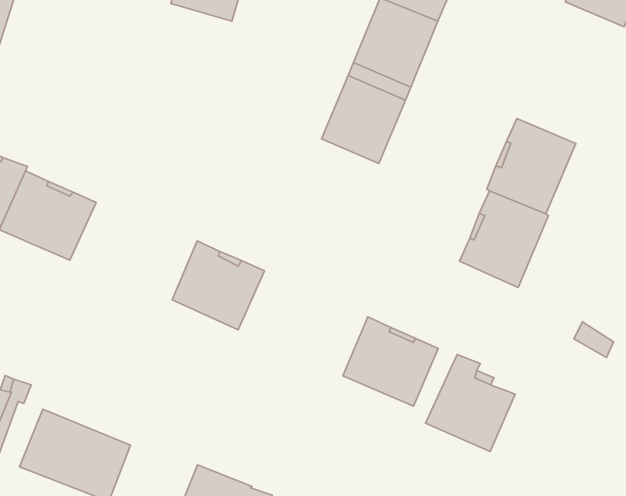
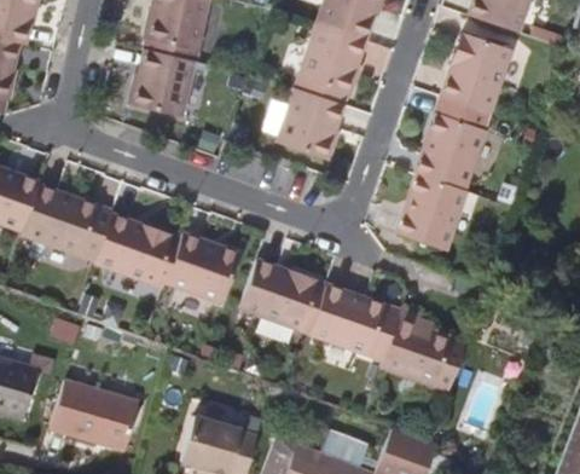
building: none -> [132,48,196,117]
building: none -> [442,34,511,112]
building: none -> [94,214,174,284]
building: none -> [239,260,319,330]

